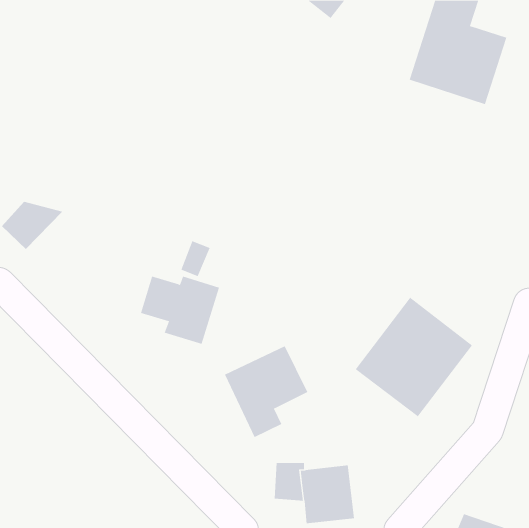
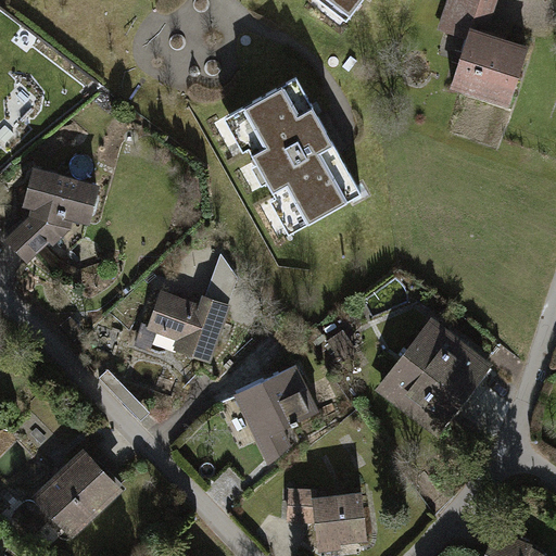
building: none -> [232,84,364,230]
building: none -> [17,169,99,228]
building: none -> [23,447,125,548]

